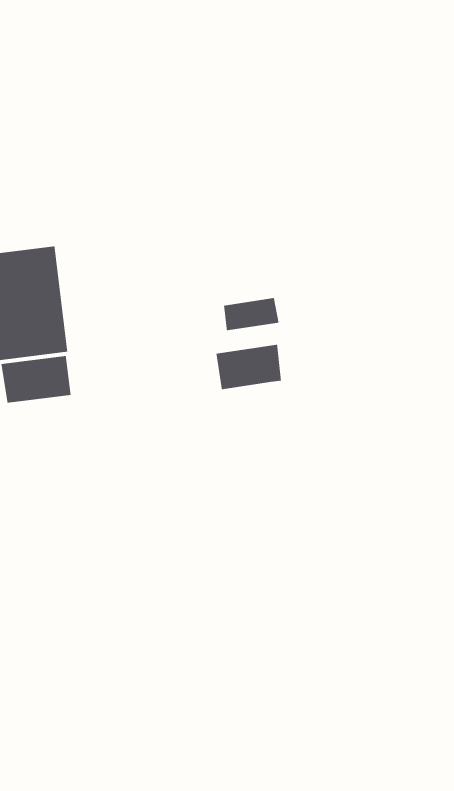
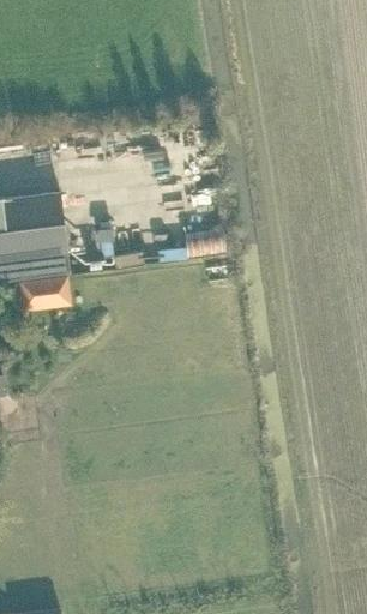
building: [216,344,282,390] -> none

